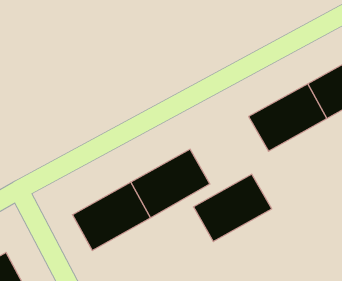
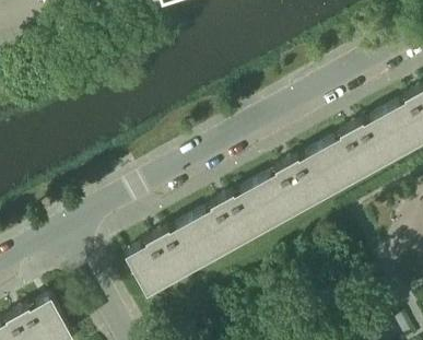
building: [193,174,272,242] -> [254,150,340,224]

